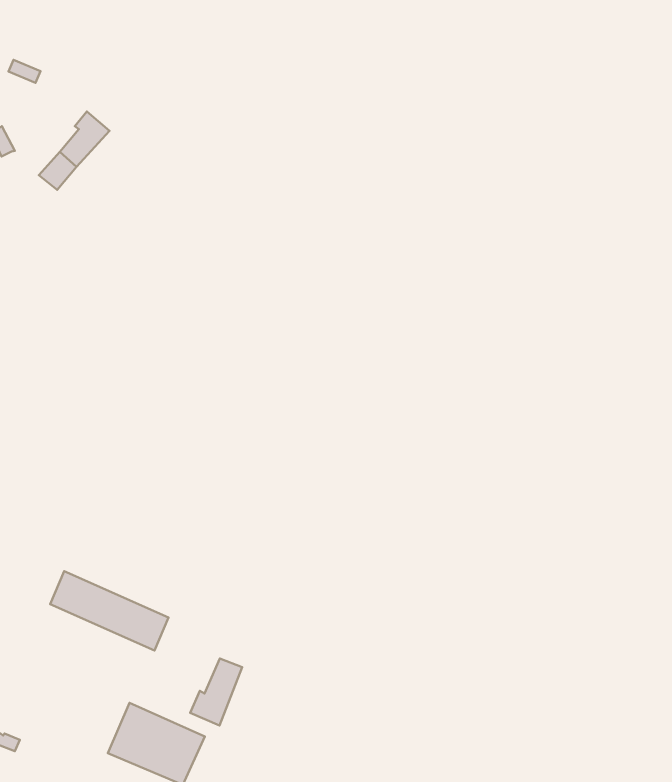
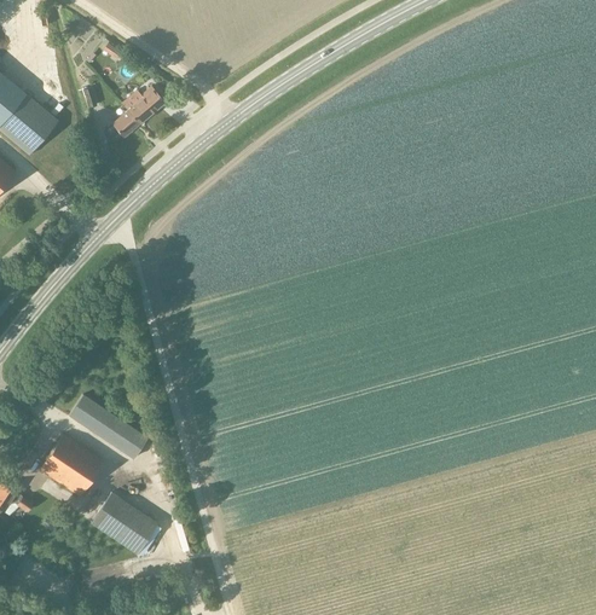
building: none -> [37,434,102,497]
building: [190,658,242,725] -> none

